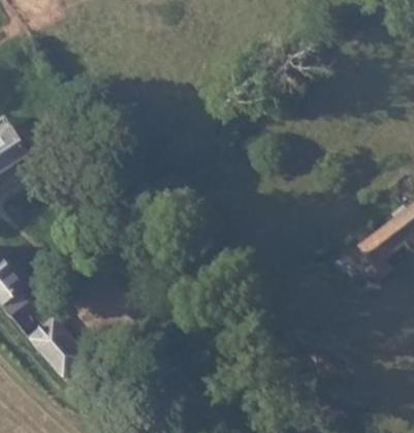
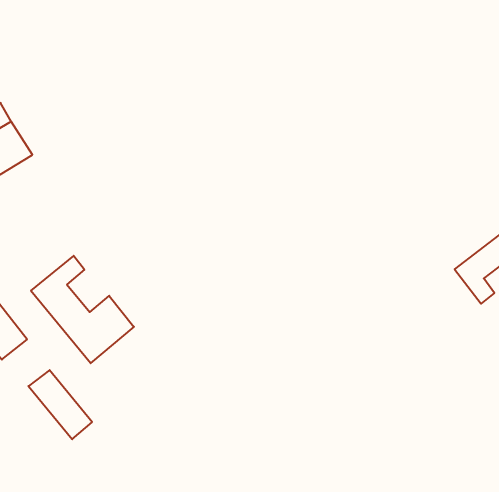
building: none -> [31,256,134,363]

